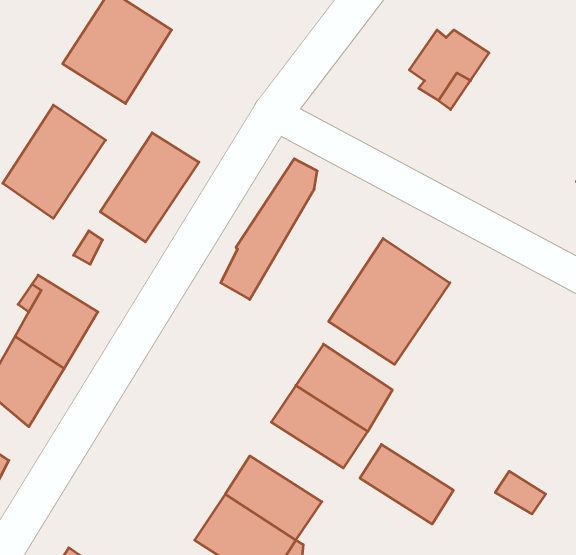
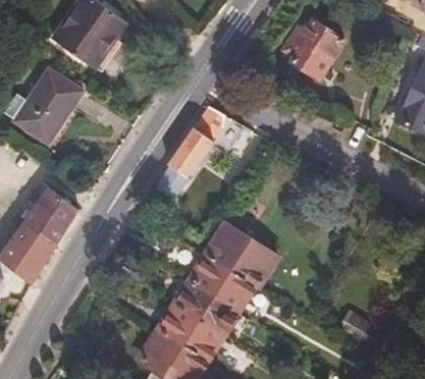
building: [100,133,199,242] -> none
building: [329,238,450,364] -> none
building: [360,444,453,524] -> [178,281,241,334]

